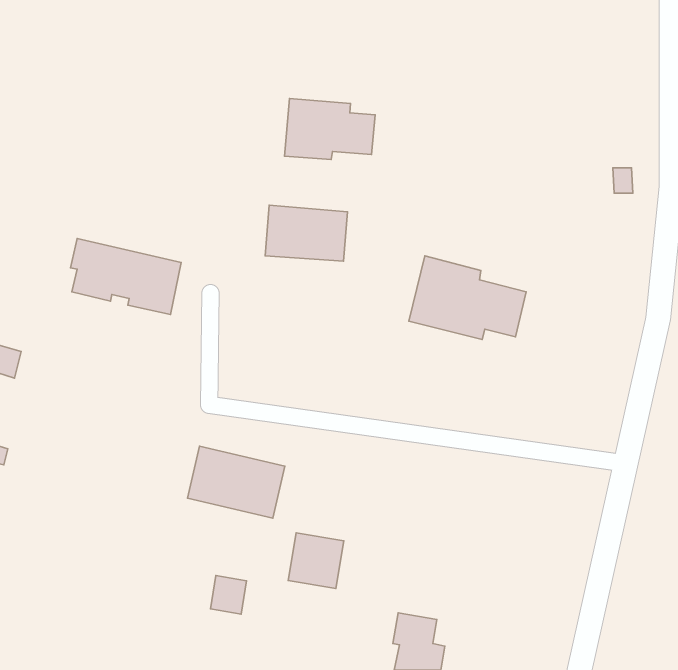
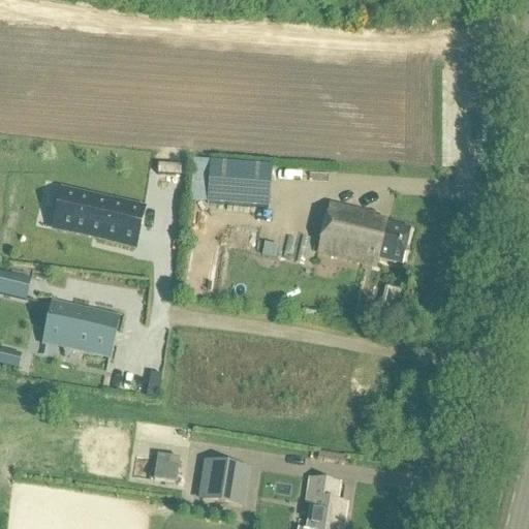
building: [284,99,375,160] -> none
building: [188,446,285,518] -> [41,304,117,360]
building: [288,533,344,589] -> [197,461,241,504]

